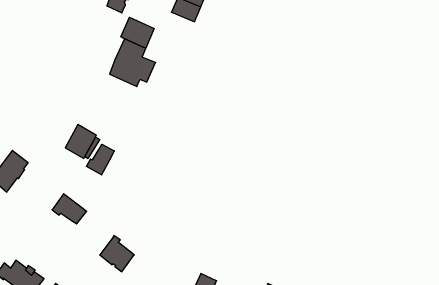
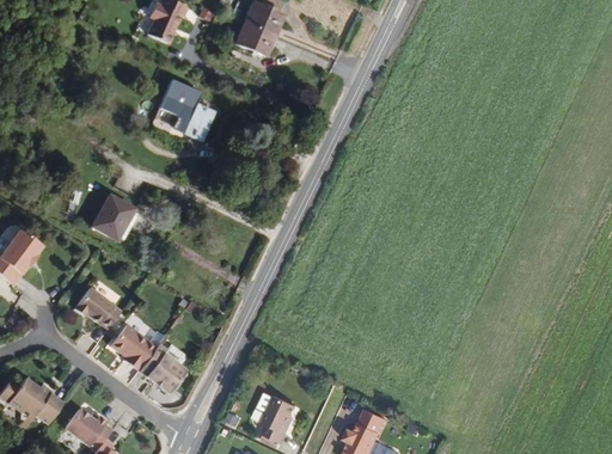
building: [121,17,154,48] -> none
building: [86,144,114,175] -> none
building: none -> [109,324,155,369]

